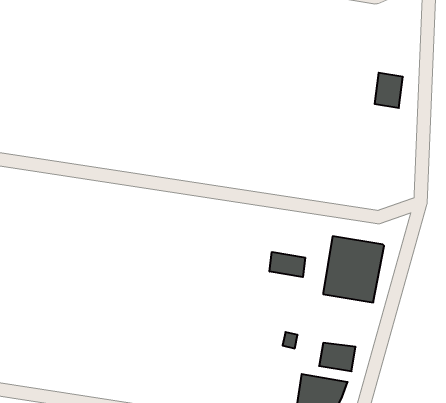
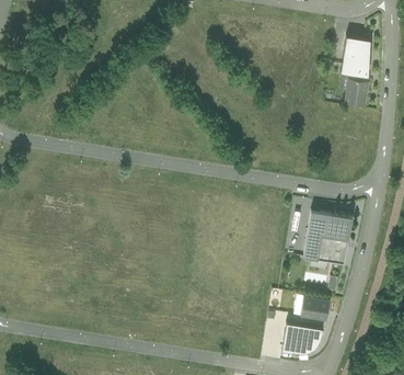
building: none -> [340,36,370,78]
building: [270,252,305,277] -> none

